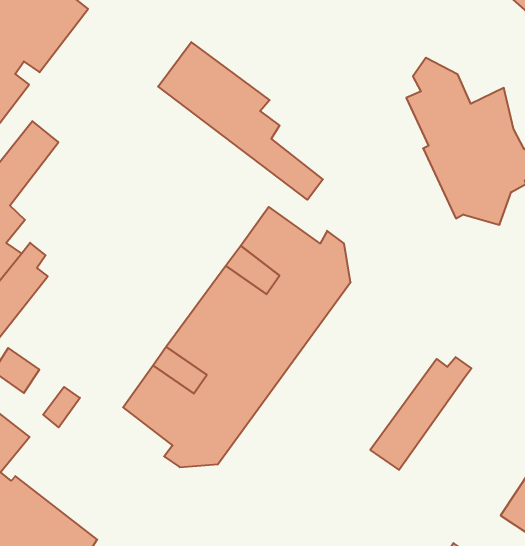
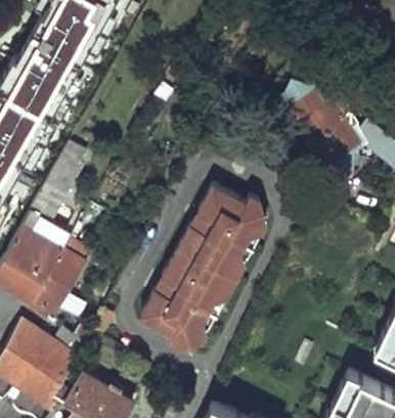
building: [158,42,323,200] -> none
building: [370,357,471,470] -> none

